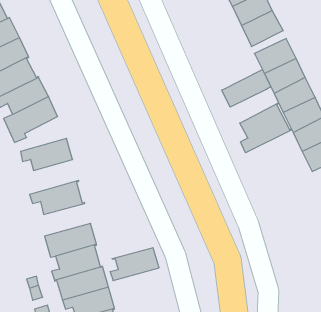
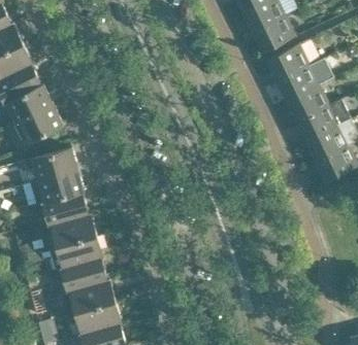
building: [222,70,271,107] -> none
building: [240,103,292,153] -> none
building: none -> [34,169,85,205]
building: [110,248,159,281] -> [46,214,97,248]

